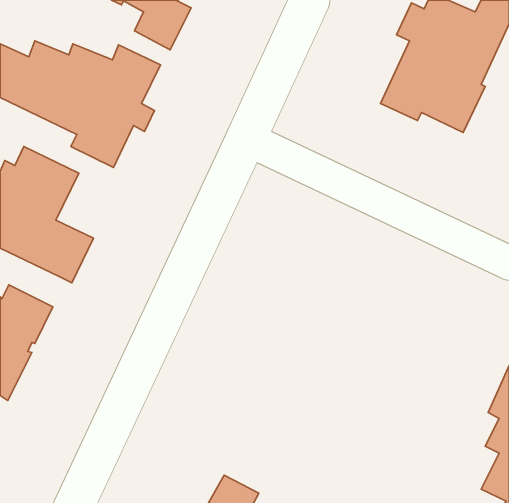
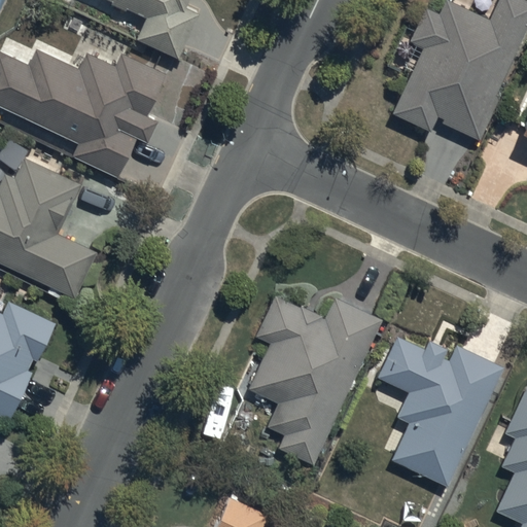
building: none -> [249,295,380,464]
building: none -> [377,338,505,487]

